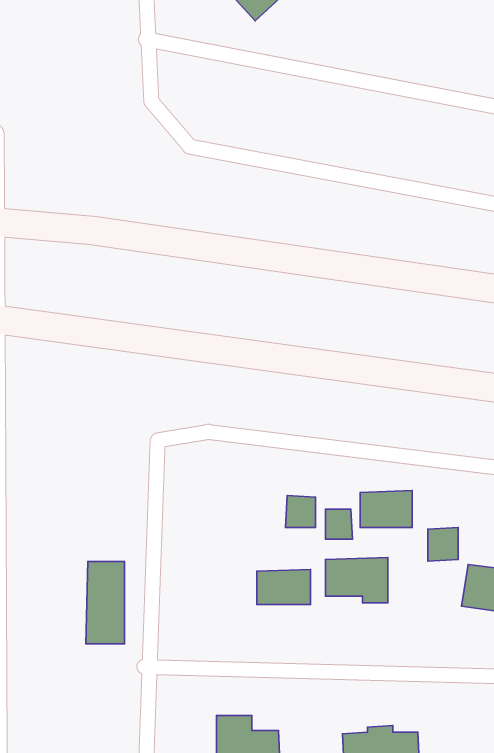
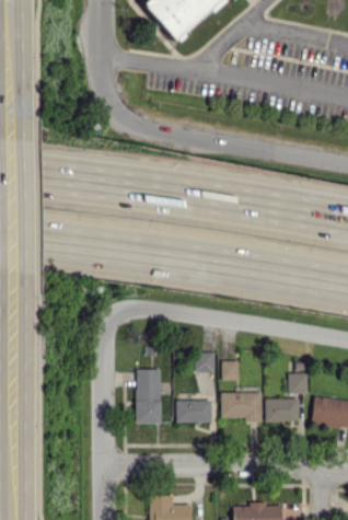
building: [360,491,412,528] -> [265,397,299,421]
building: [86,561,125,644] -> [136,369,161,423]

